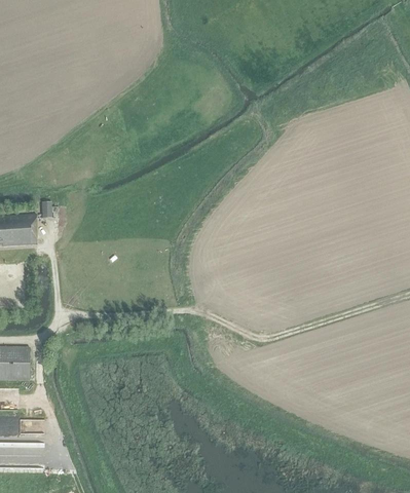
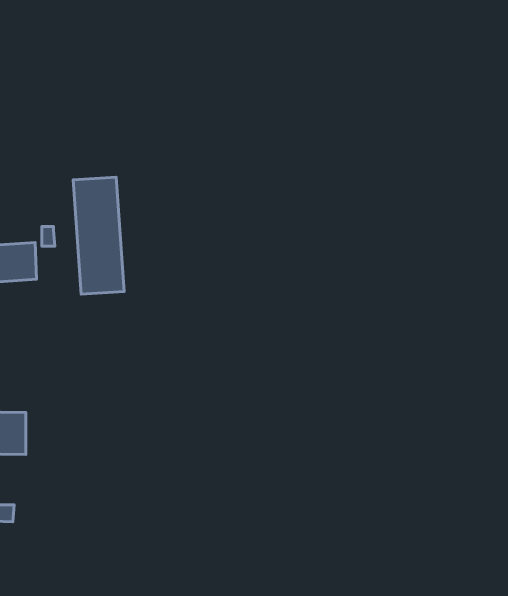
building: none -> [73,177,124,294]

